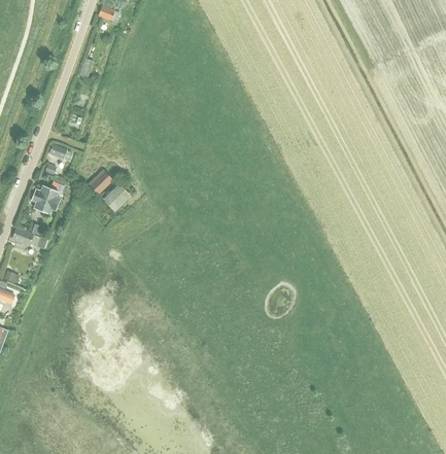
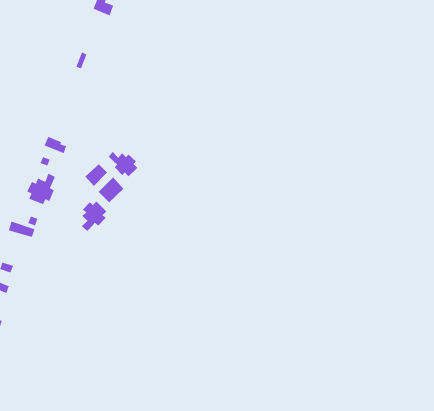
building: none -> [108,151,138,177]
building: none -> [81,201,107,232]

